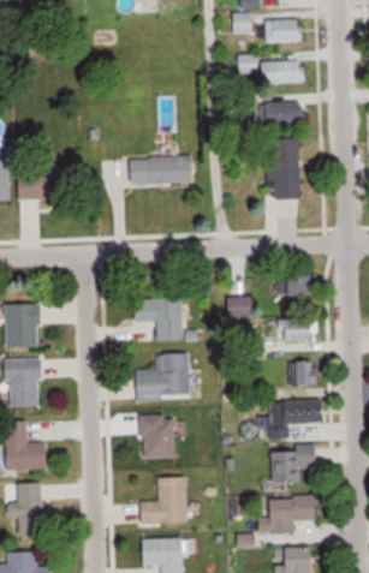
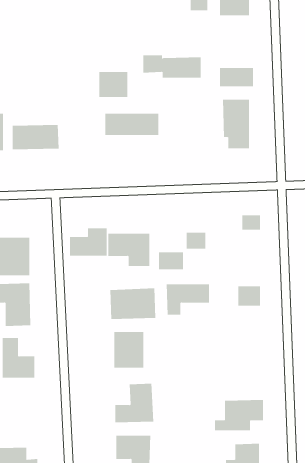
building: [234,55,304,83] -> [142,55,201,78]
building: none -> [99,71,128,98]
building: none -> [69,227,107,257]
building: [282,318,314,340] -> none
building: none -> [159,252,184,270]
building: [270,400,322,437] -> [166,284,210,315]
building: [272,444,316,484] -> none
building: [17,483,44,533] -> none

